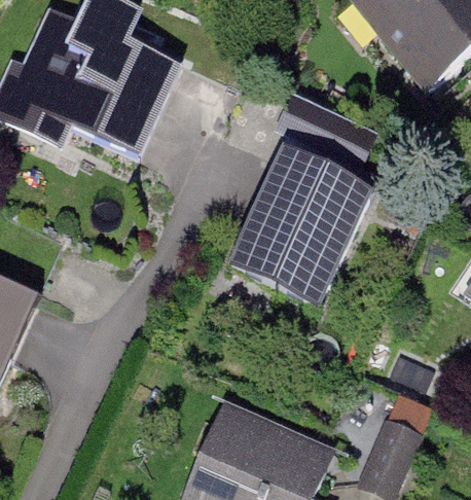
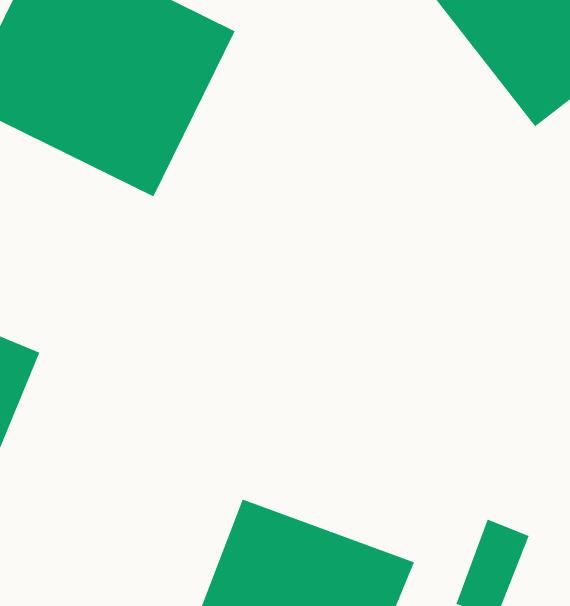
building: [221,107,376,303] -> none

